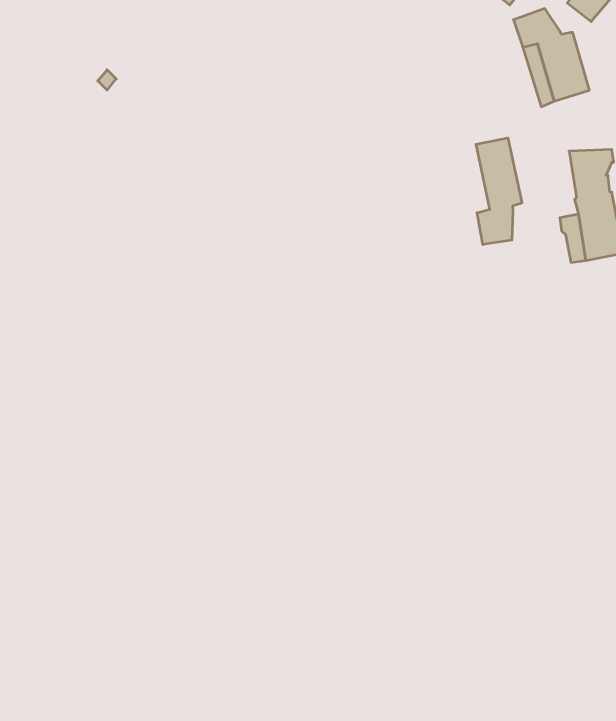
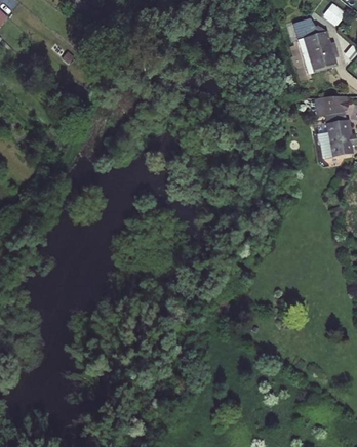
building: [476,138,522,245] -> none

